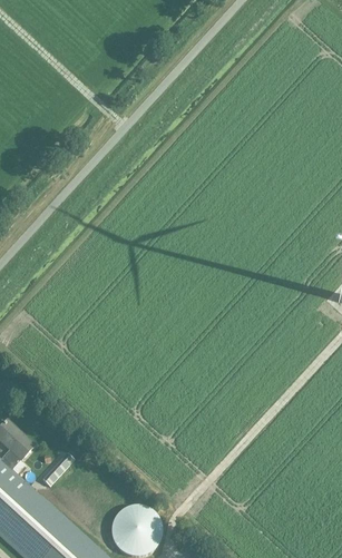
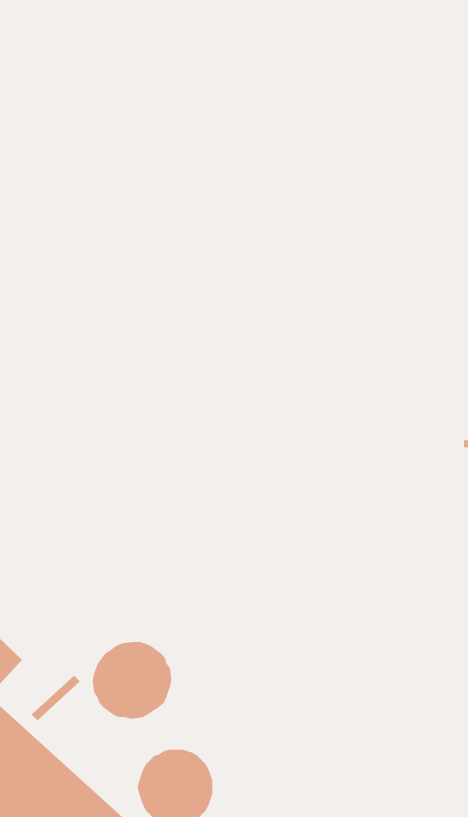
building: none -> [92,641,172,720]

